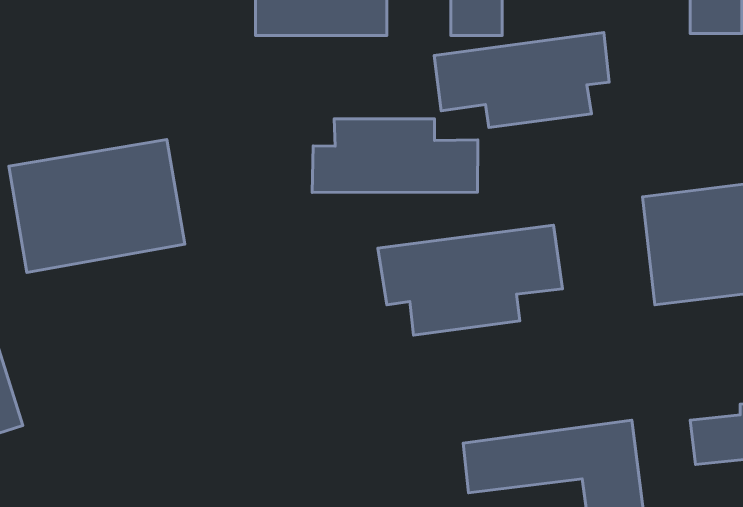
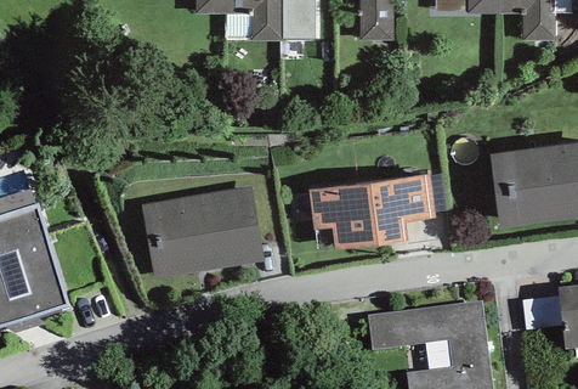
building: [434,33,609,127] -> none
building: [312,119,478,192] -> none
building: [9,140,185,273] -> [142,186,262,277]

